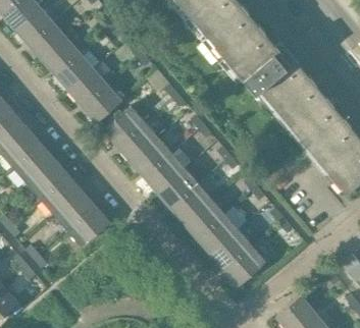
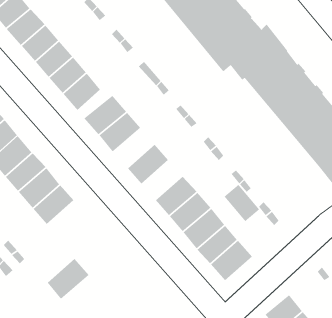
building: [132,138,172,176] -> none
building: [159,168,199,207] -> none
building: none -> [224,184,260,222]
building: [68,207,109,247] -> [47,258,89,300]

